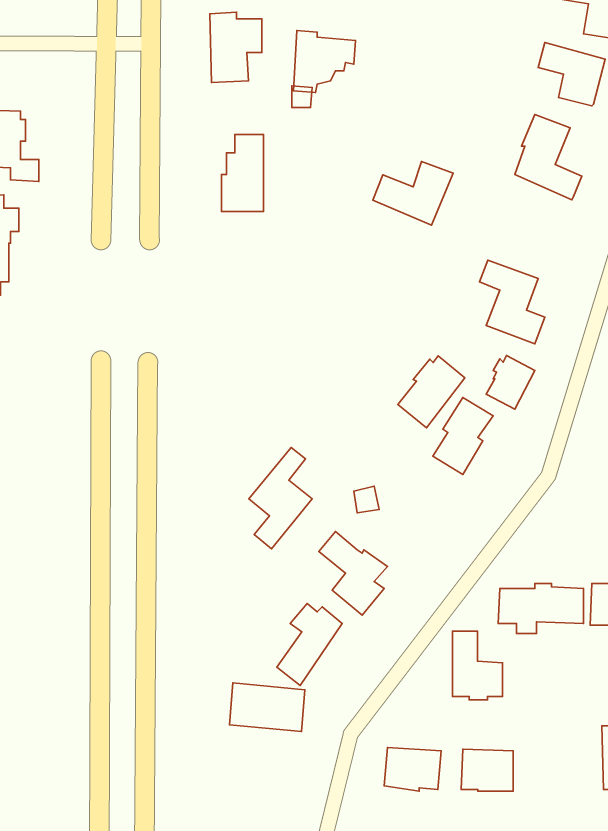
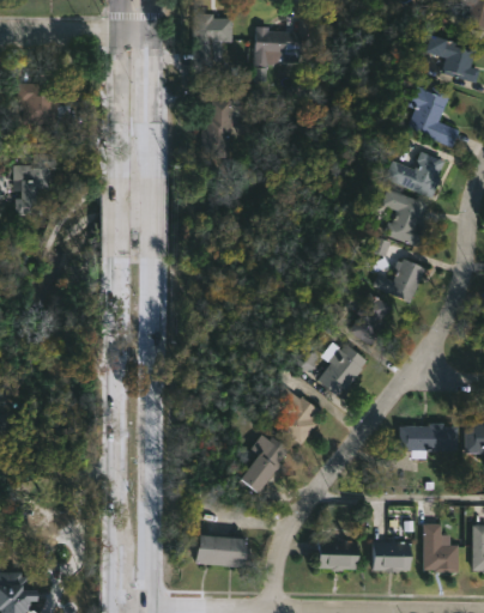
building: [373,162,453,225] -> [387,152,444,198]
building: [398,356,465,428] -> [316,345,364,396]
building: [249,447,312,549] -> none
building: [452,631,503,700] -> [422,522,458,571]
building: [229,683,305,732] -> [193,532,247,566]

